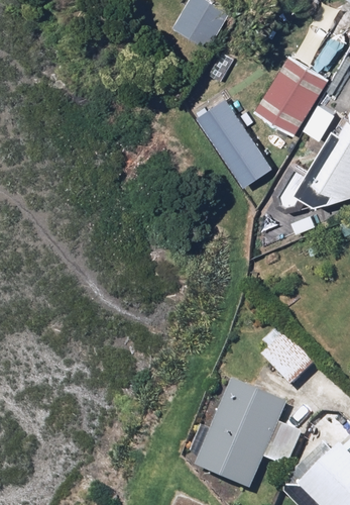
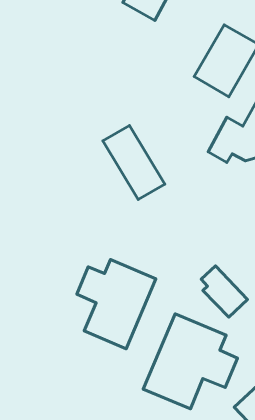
building: [203,100,273,184] -> [103,126,165,199]
building: none -> [77,259,156,349]

